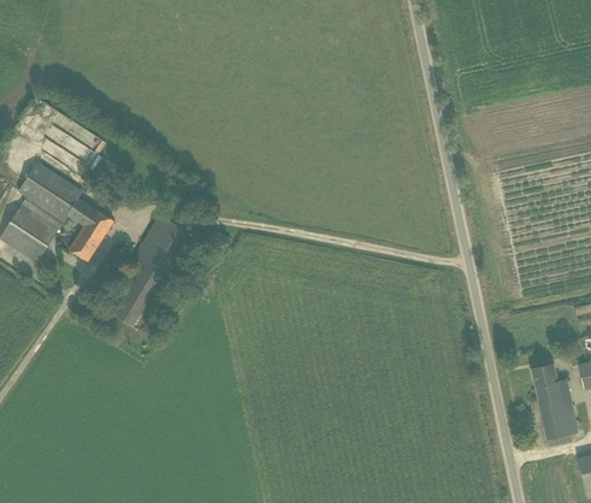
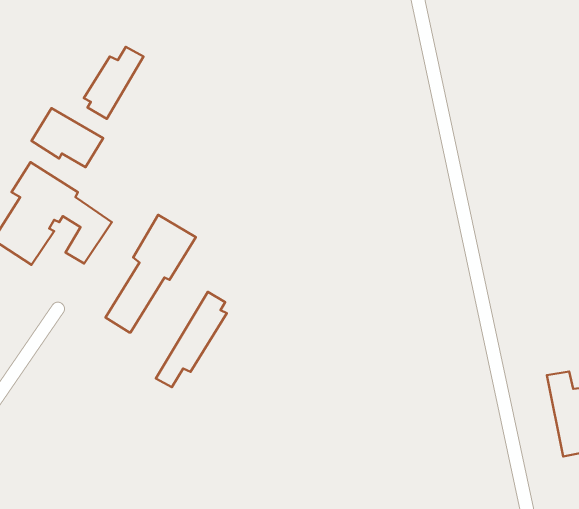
building: none -> [84,47,144,119]
building: none -> [156,292,227,387]

